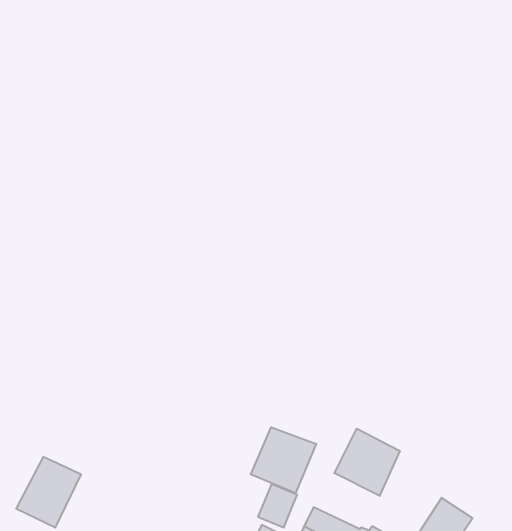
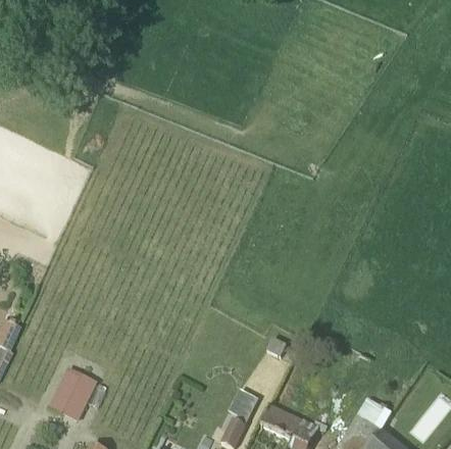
building: [251,427,316,493] -> none
building: [334,429,400,496] -> none

